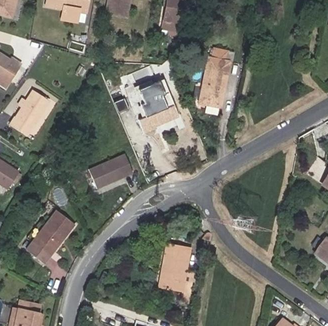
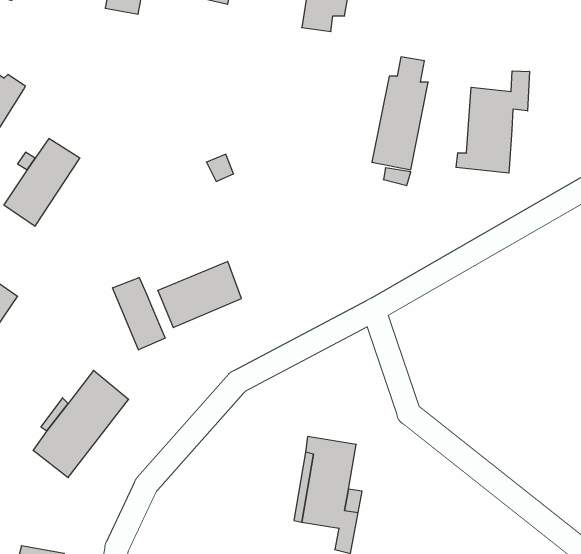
building: none -> [456,71,529,173]
building: [133,75,178,133] -> none
building: none -> [113,277,165,350]

